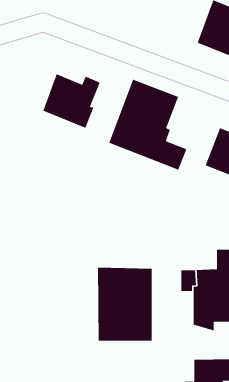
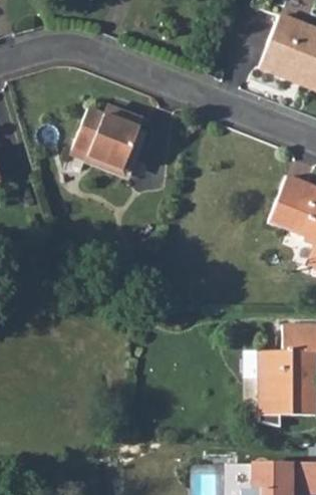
building: [108,79,187,171] -> none
building: [98,267,152,342] -> none

